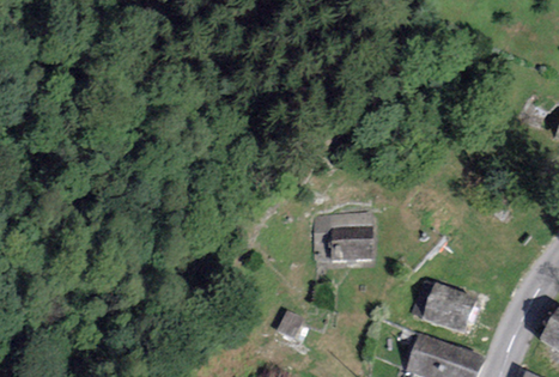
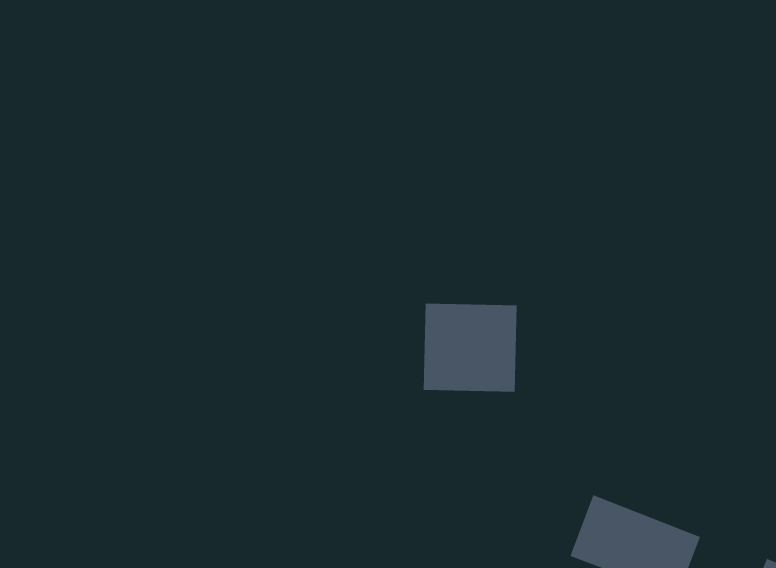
building: [421,284,476,333] -> none

